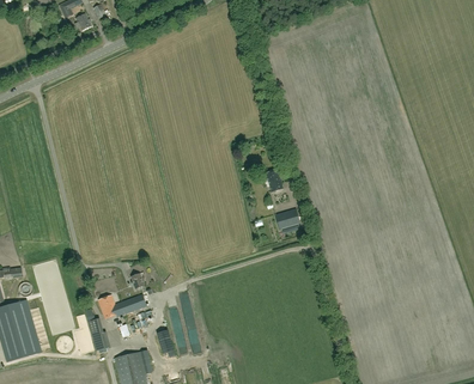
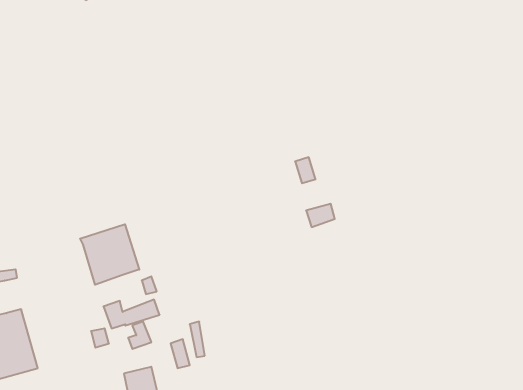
building: none -> [80,224,139,285]

